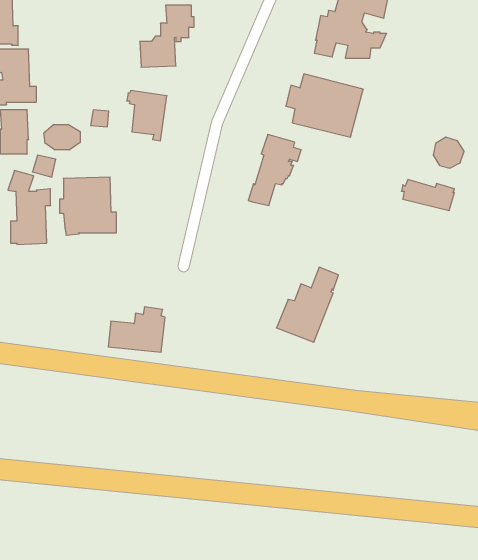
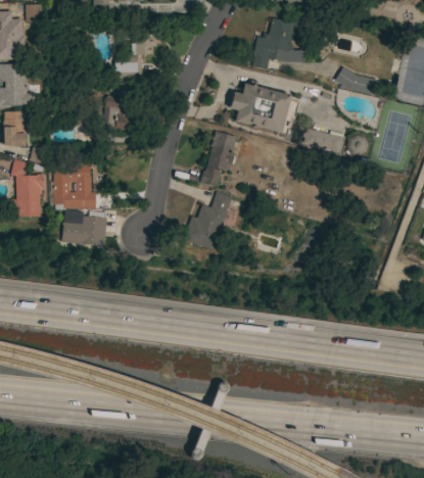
building: none -> [335,66,377,95]
building: [44,124,80,150] -> none
building: [401,180,454,211] -> [302,128,344,152]
building: [276,267,338,342] -> [183,191,232,250]
building: [108,307,165,352] -> [62,210,107,246]

